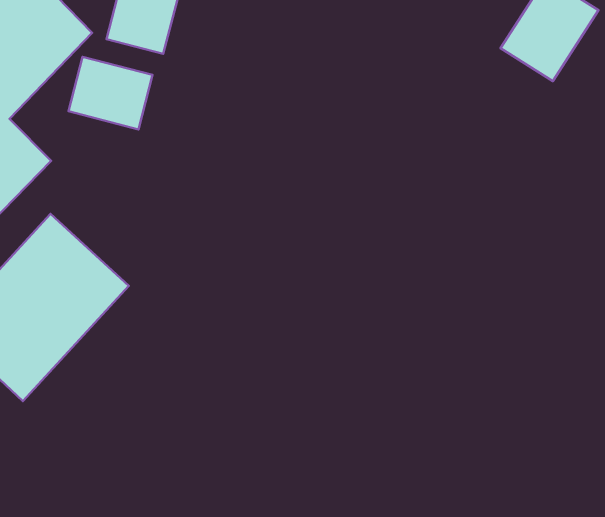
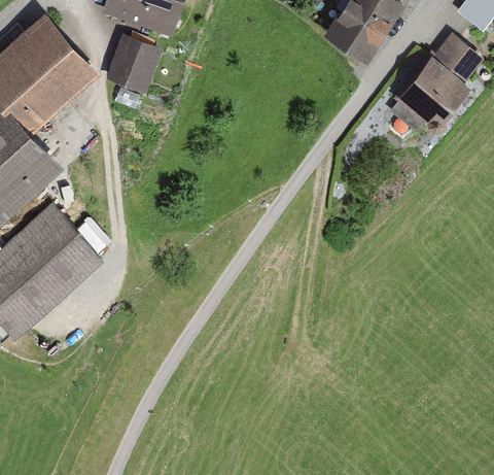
building: [68,57,153,129] -> none

